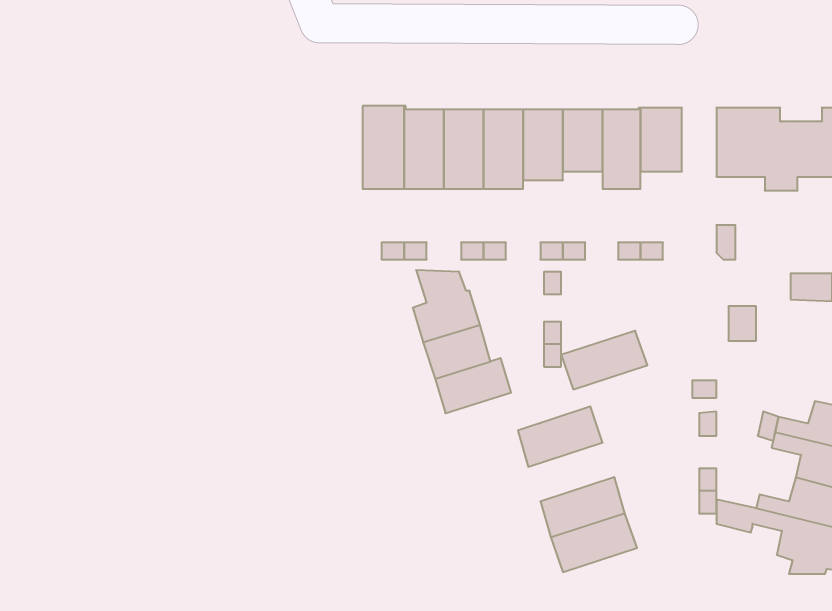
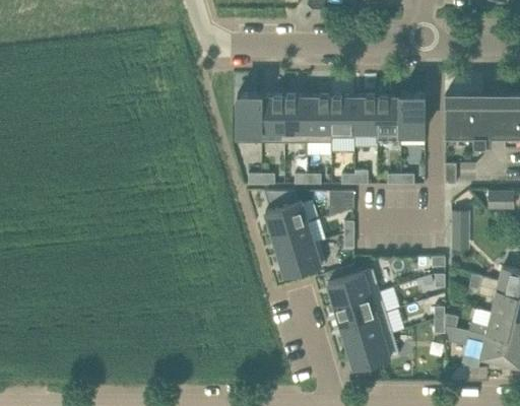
building: [561,331,647,389] -> [334,292,385,327]

